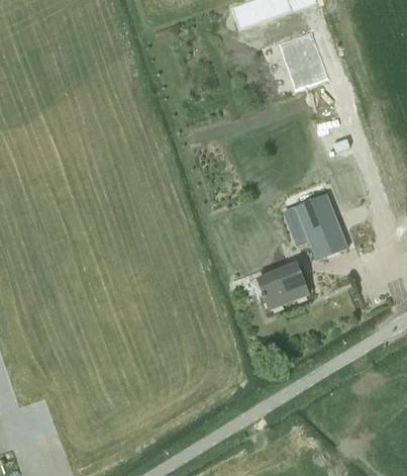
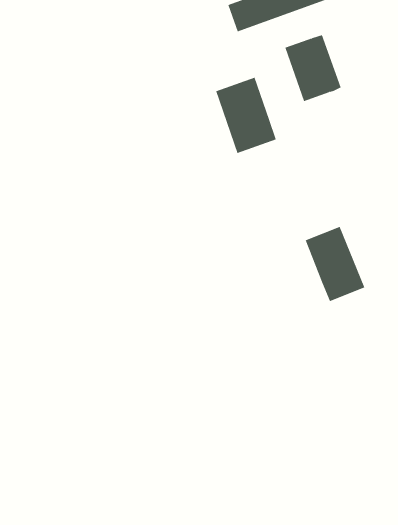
building: none -> [215,77,277,154]
building: [257,264,308,309] -> none

